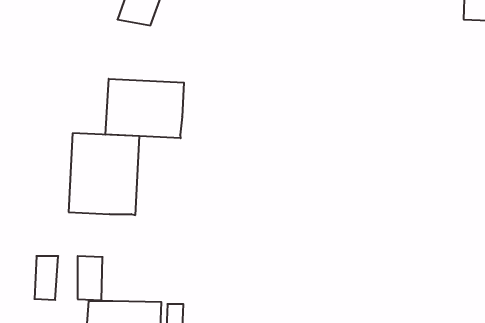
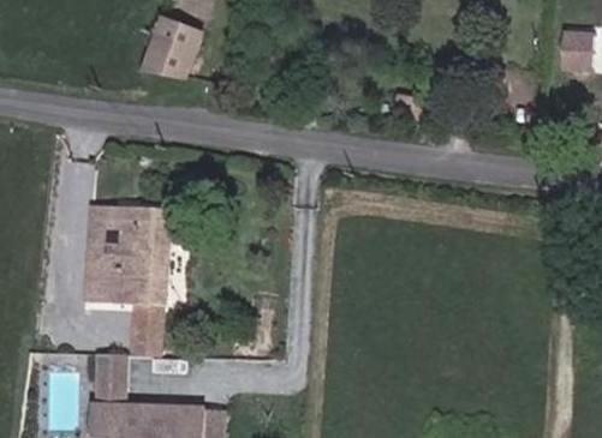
building: [106,79,184,138] -> none
building: [34,256,58,300] -> [132,302,161,355]

